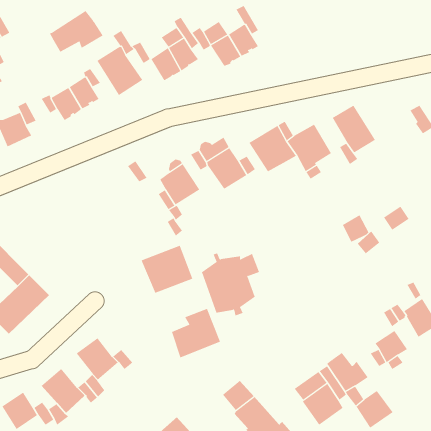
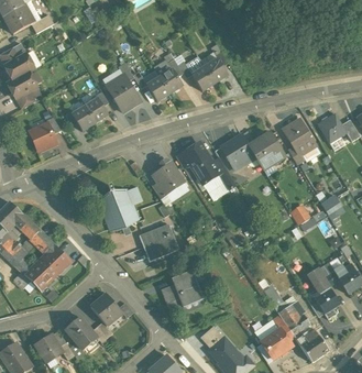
building: [49,10,103,53] -> none
building: none -> [317,112,347,142]
building: [201,252,260,316] -> [98,184,142,232]

